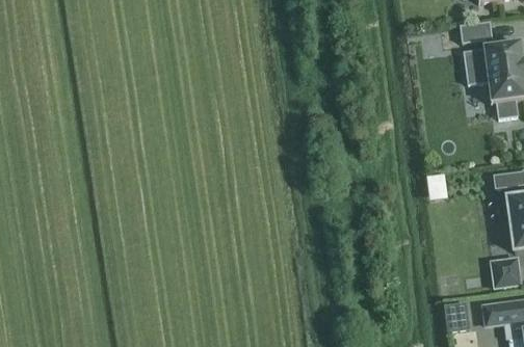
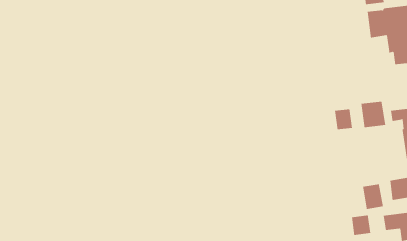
building: none -> [361,101,386,128]
building: none -> [363,184,384,210]

